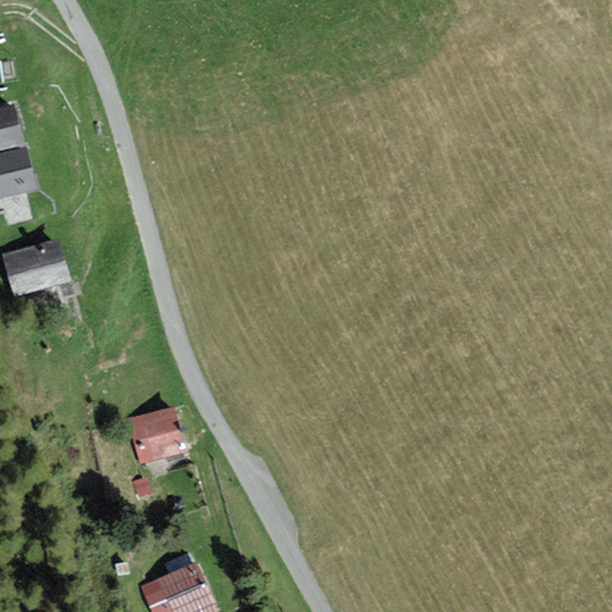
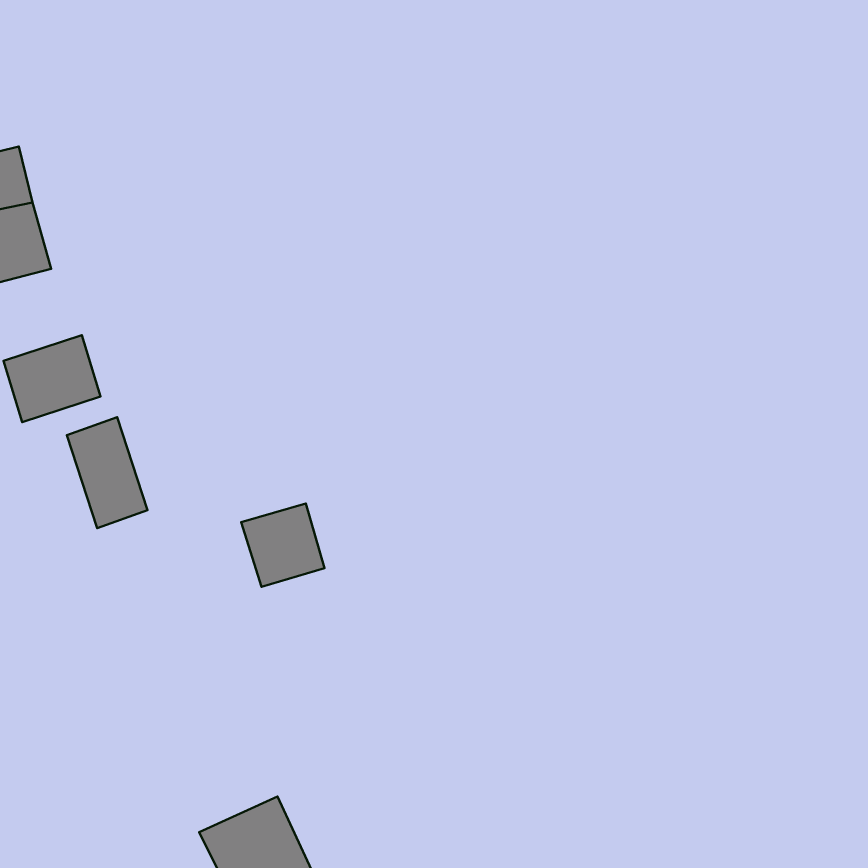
building: none -> [67,417,148,528]
building: [127,406,185,465] -> [241,504,324,587]

